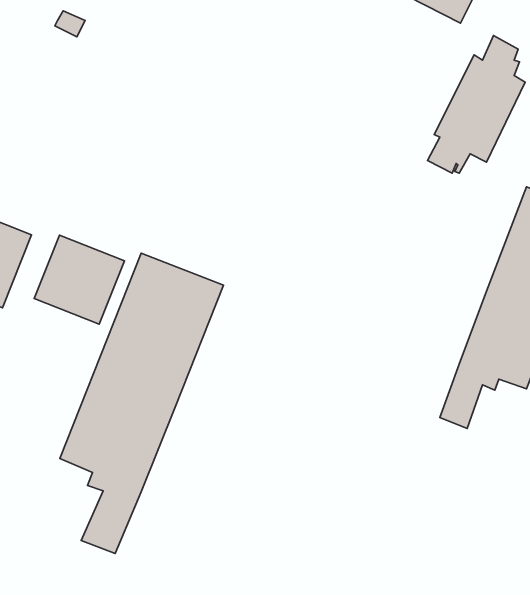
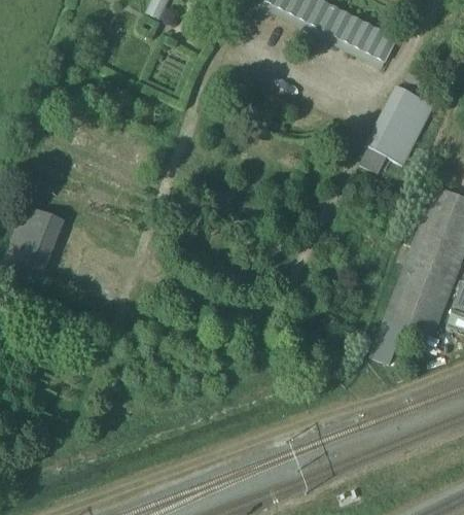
building: [34,235,124,324] -> none
building: [60,253,224,554] -> none

